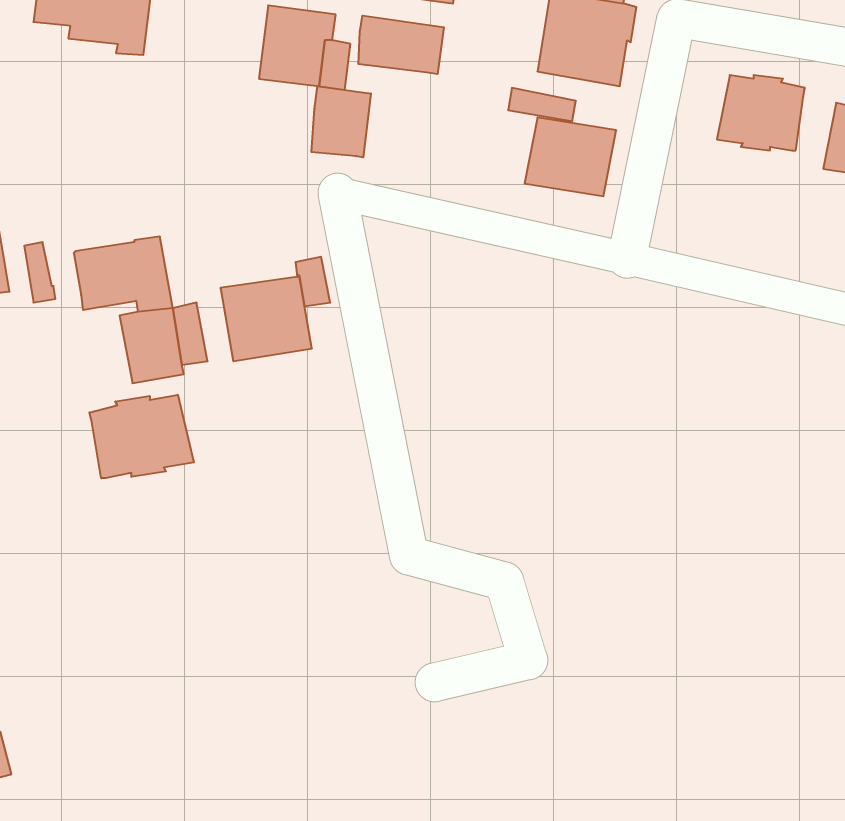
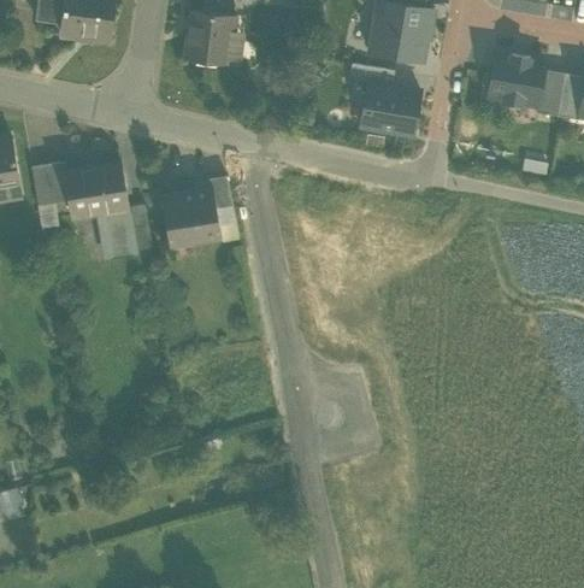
building: [358,16,444,74] -> none
building: [311,86,371,157] -> none
building: none -> [535,70,565,117]
building: none -> [43,163,69,202]
building: [89,395,194,478] -> none

